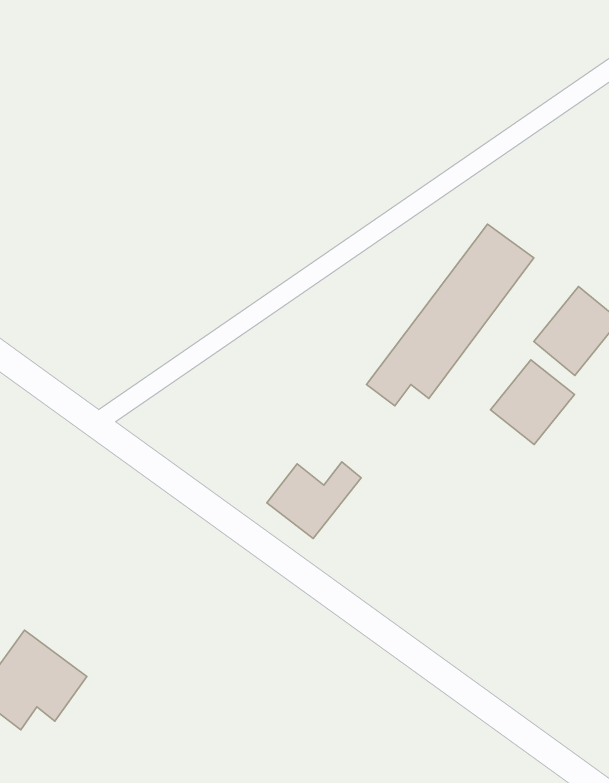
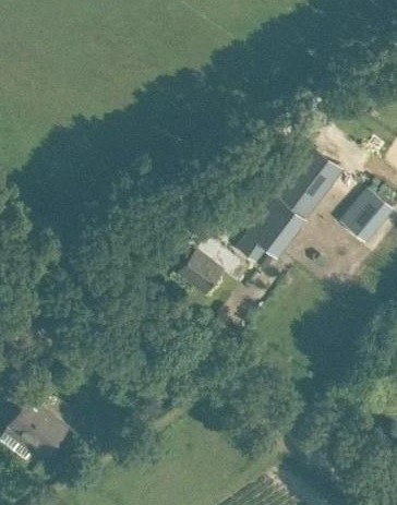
building: [490,360,574,444] -> none
building: [267,462,361,538] -> [178,245,236,292]

